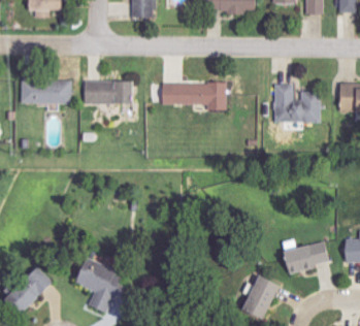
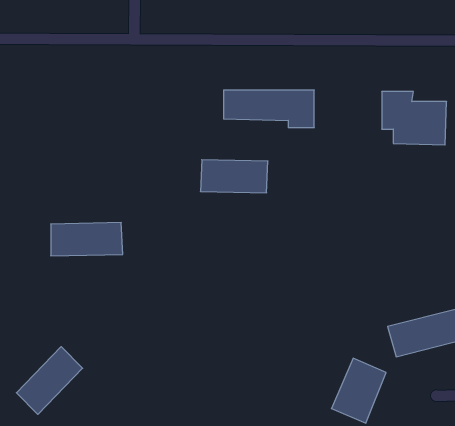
building: [21,80,72,104] -> [51,223,123,256]
building: [83,80,131,104] -> [200,160,268,193]
building: [71,259,122,315] -> none

